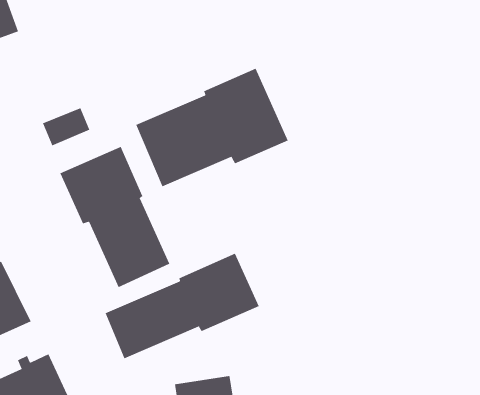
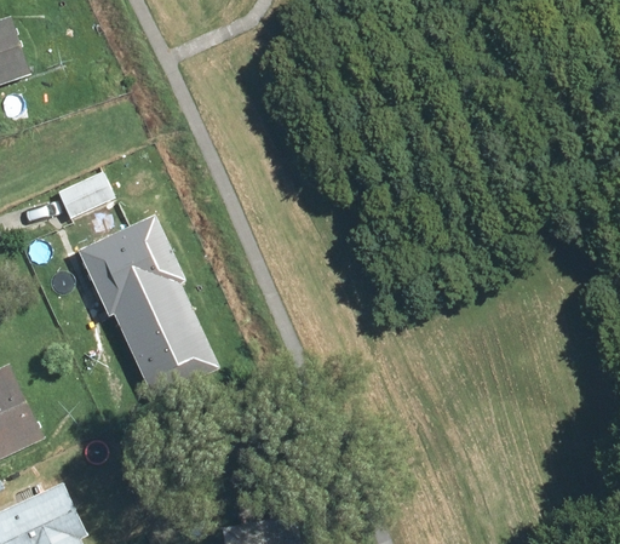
building: [136,68,289,187] -> none
building: [105,253,259,359] -> none

